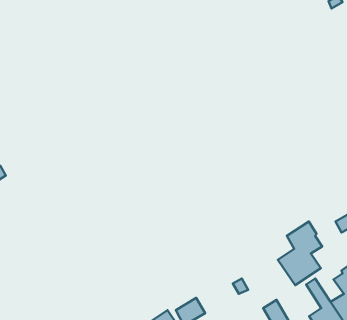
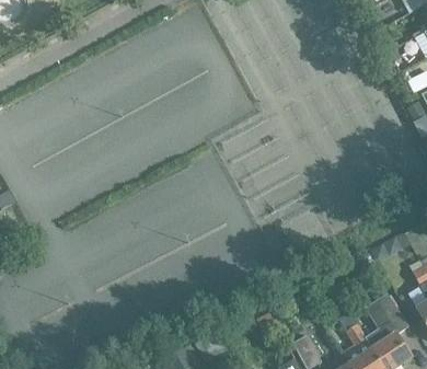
building: [278,222,322,285] -> none

